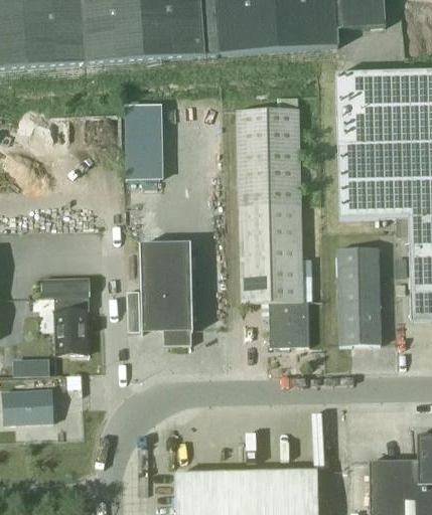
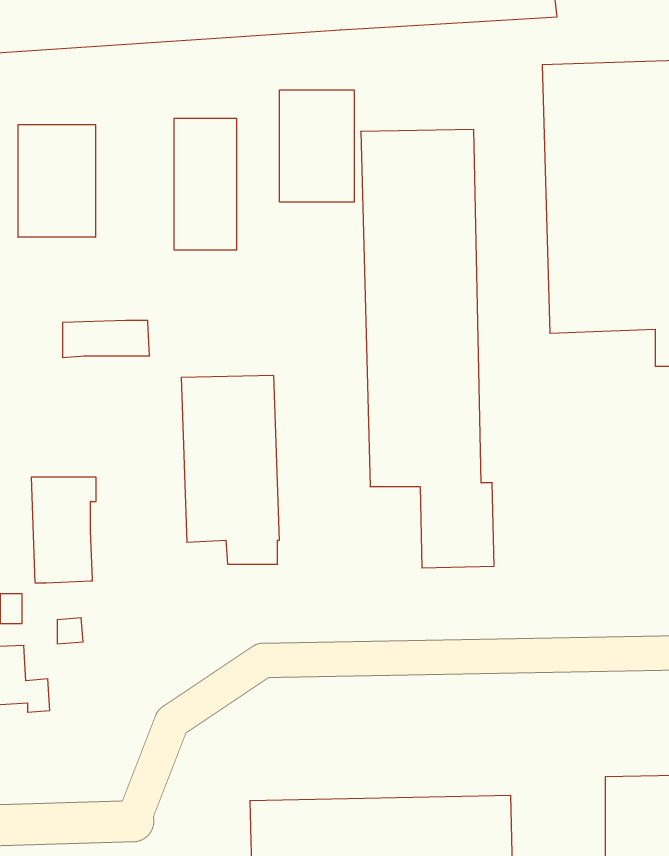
building: none -> [280,90,354,202]
building: none -> [18,125,96,237]
building: [336,246,380,345] -> none
building: [44,278,92,298] -> [63,321,150,358]

